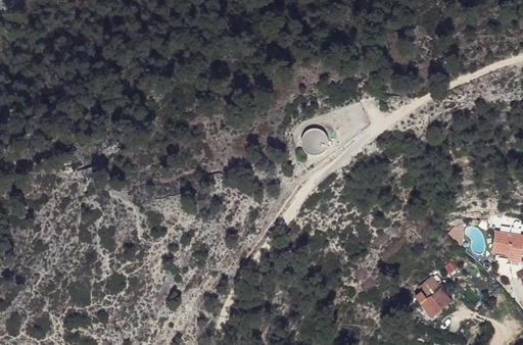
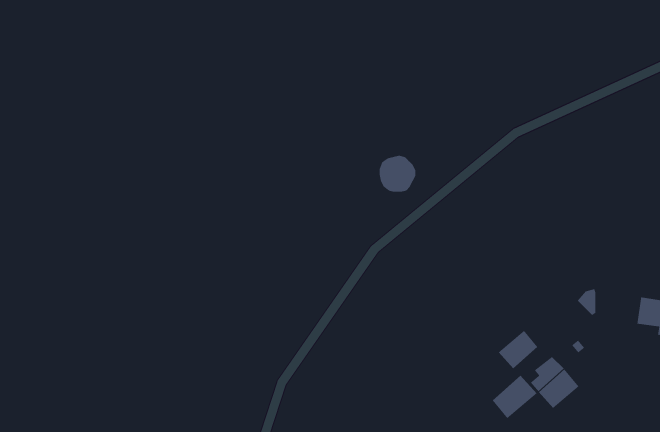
building: none -> [498,330,538,369]
building: none -> [492,375,537,419]

